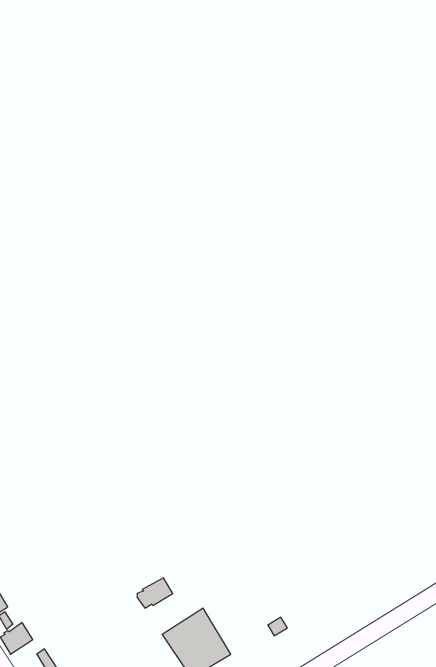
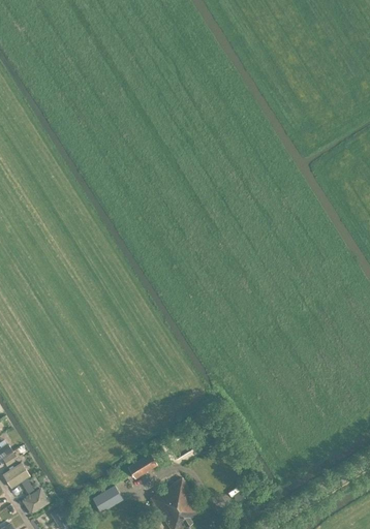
building: none -> [92,484,122,510]

